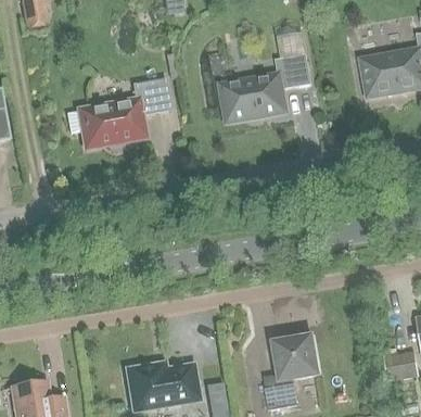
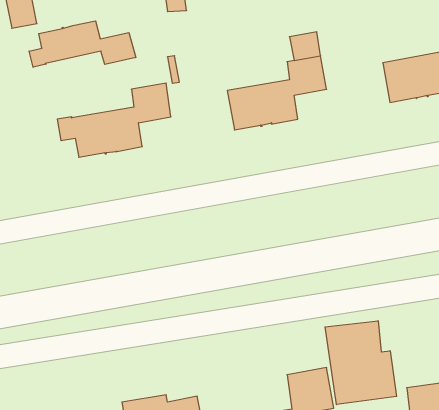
building: none -> [29,21,136,67]
building: none -> [325,321,397,405]

